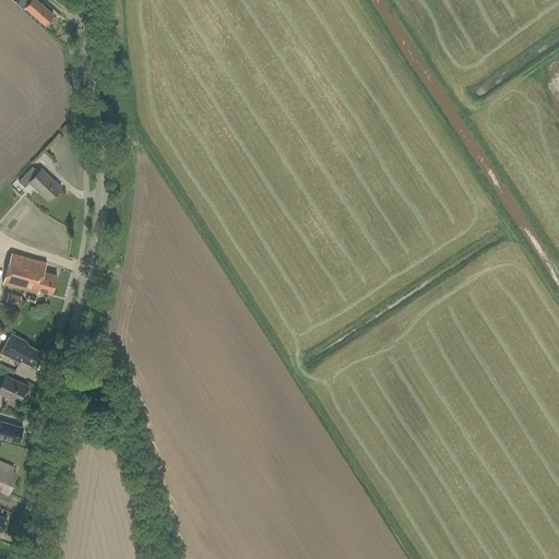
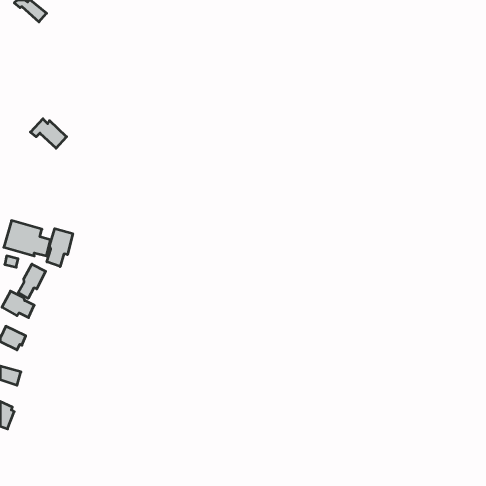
building: [19,167,60,201] -> [30,119,67,148]
building: none -> [47,229,73,267]
building: none -> [18,264,46,298]

